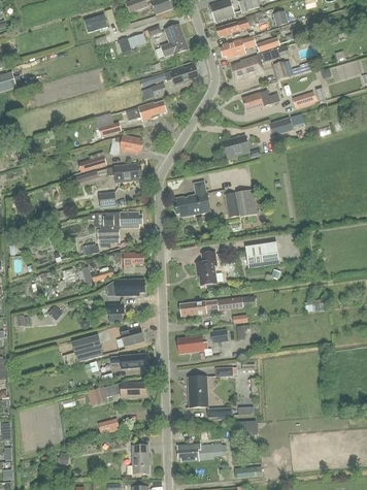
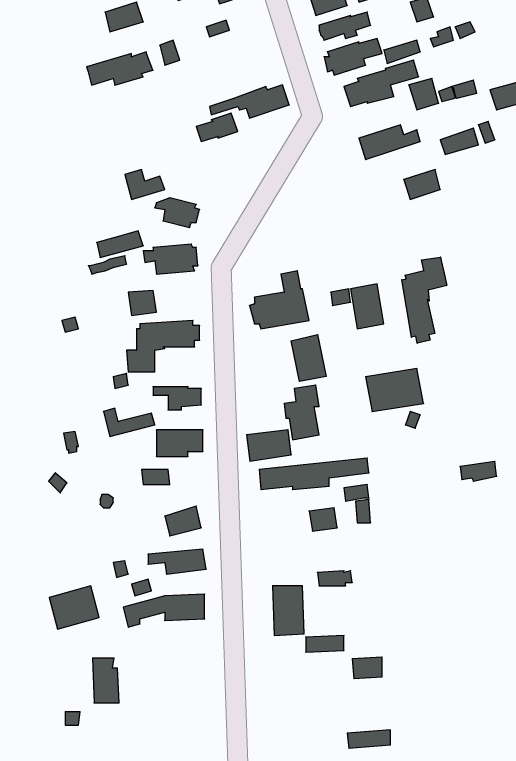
building: [155,24,188,57] -> none
building: [125,99,166,120] -> [87,52,153,85]
building: [223,135,248,159] -> none
building: none -> [402,257,447,343]
building: none -> [291,335,326,381]
building: [71,334,102,361] -> [49,586,99,629]
building: [176,334,204,354] -> [247,430,291,461]
building: [176,443,221,460] -> none
building: [132,445,148,472] -> [93,658,119,703]

